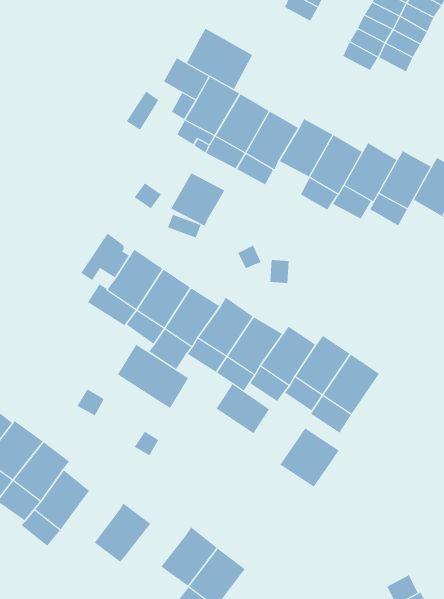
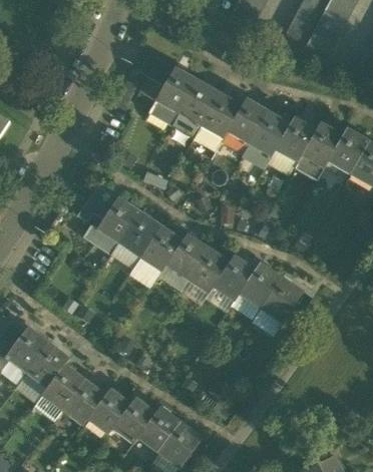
building: [186,28,253,90] -> none
building: [171,172,225,227] -> none
building: [117,344,189,409] -> none
building: [216,383,270,434] -> none
building: [280,428,339,488] -> none
building: none -> [63,379,106,424]
building: none -> [113,397,156,442]

